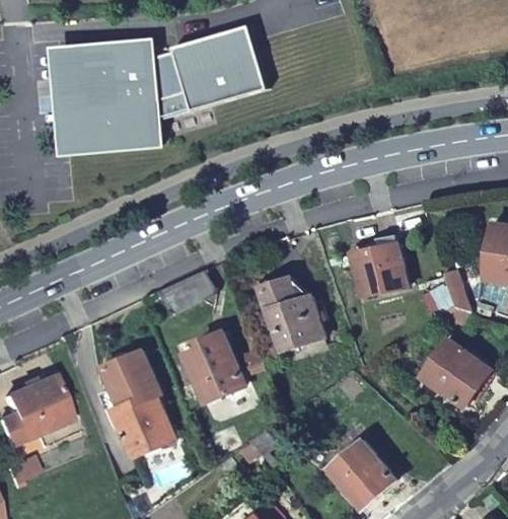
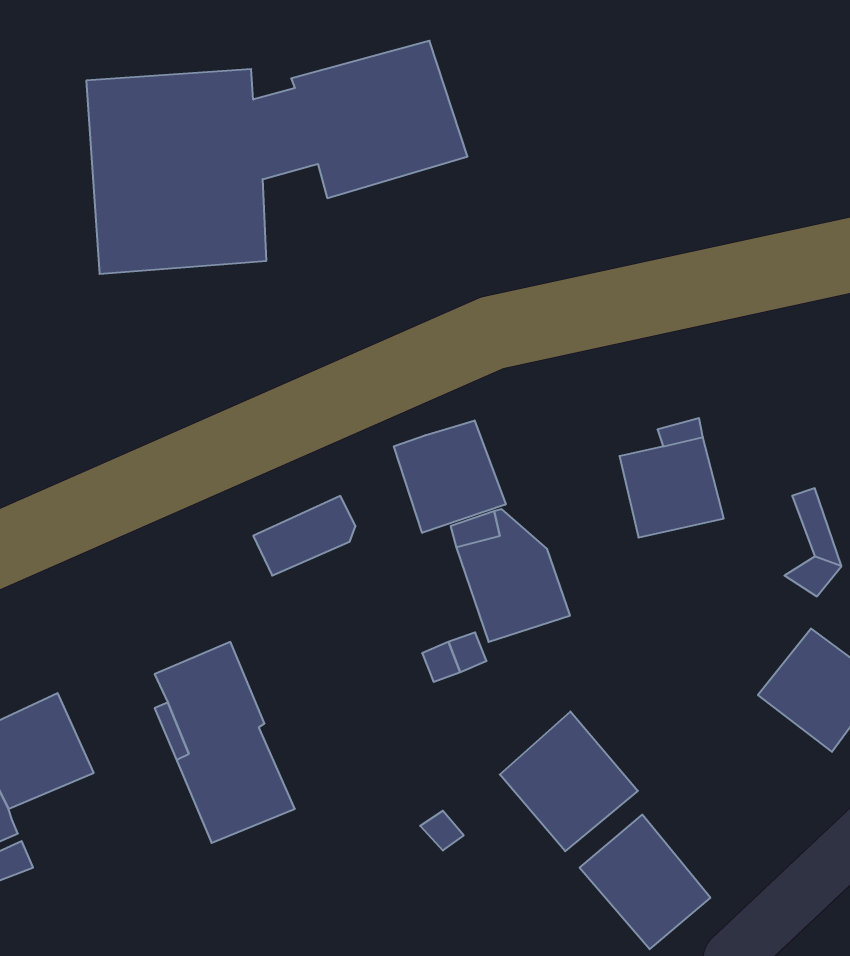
building: none -> [394,420,506,533]
building: [184,330,241,396] -> none
building: none -> [500,711,638,851]

